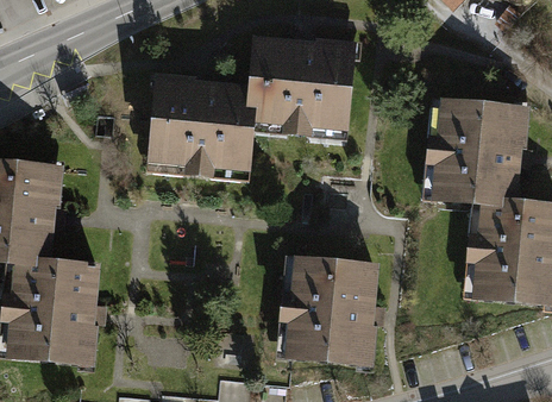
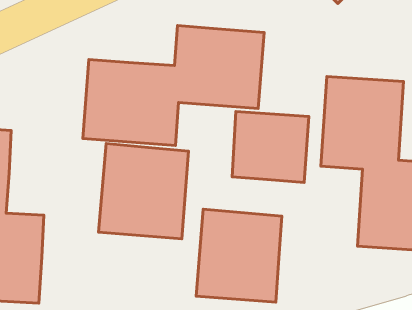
building: none -> [232,111,309,183]
building: none -> [99,143,188,239]

